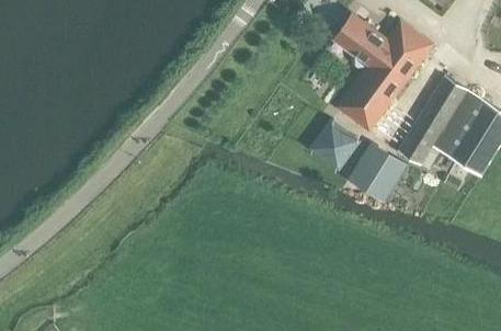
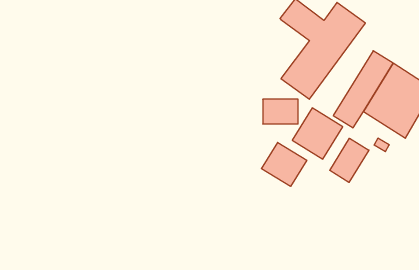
building: none -> [330,138,369,182]
building: none -> [261,142,307,186]

